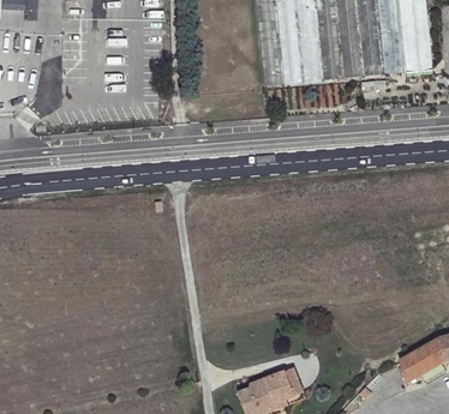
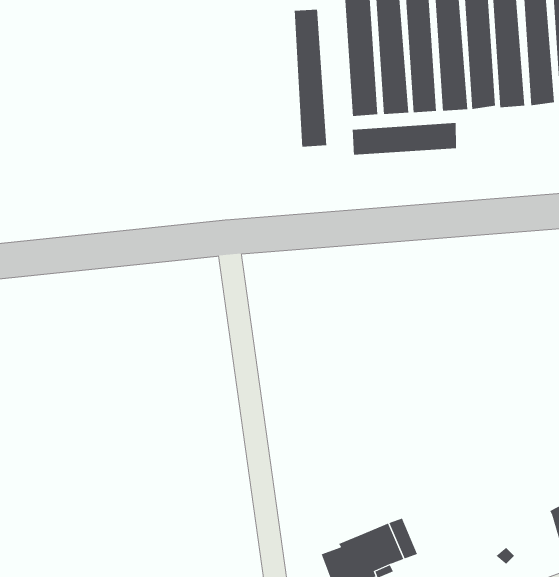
building: none -> [294,9,327,147]
building: none -> [352,122,456,155]

